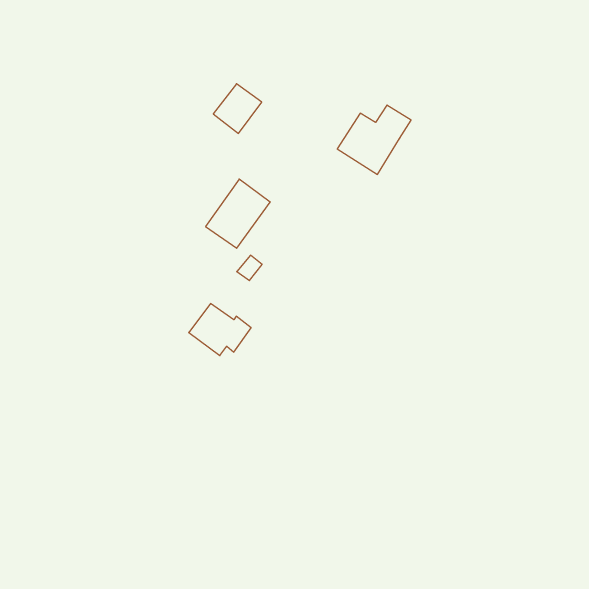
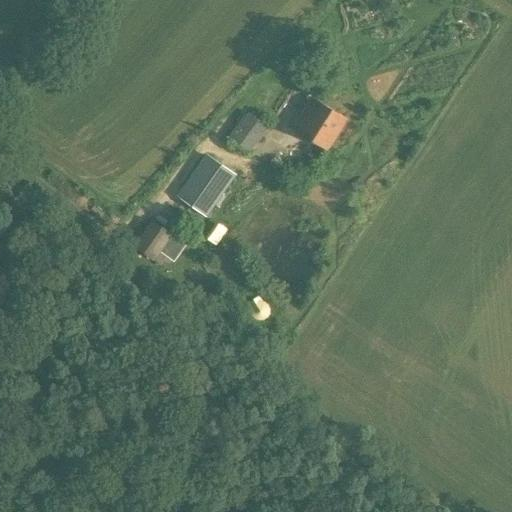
building: [213,84,262,133] -> [227,112,269,155]
building: [189,304,251,356] -> [133,220,187,265]

